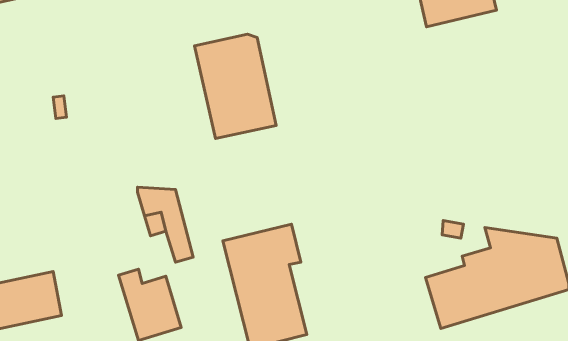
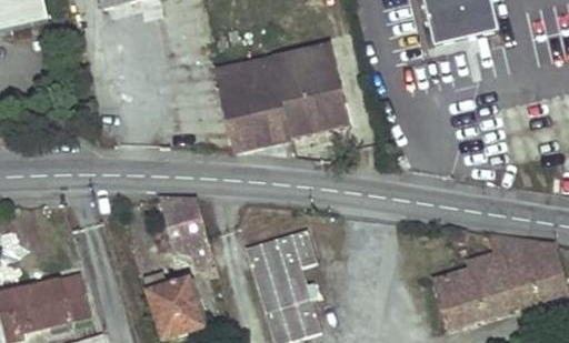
building: none -> [273,36,349,138]

